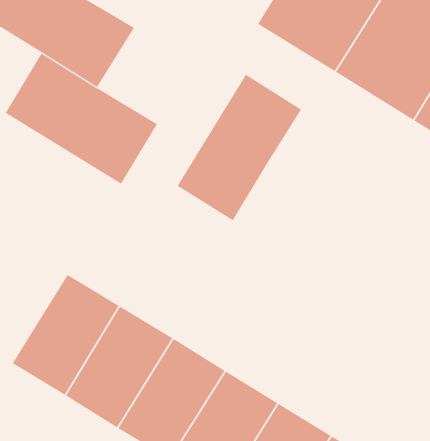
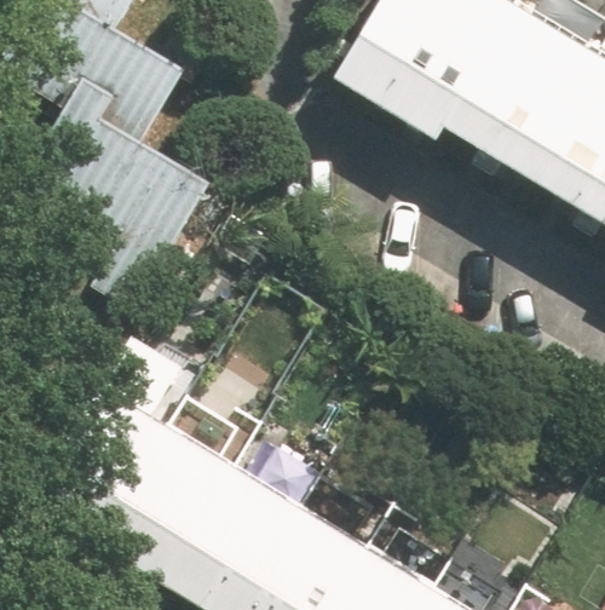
building: [177,74,302,221] -> none

